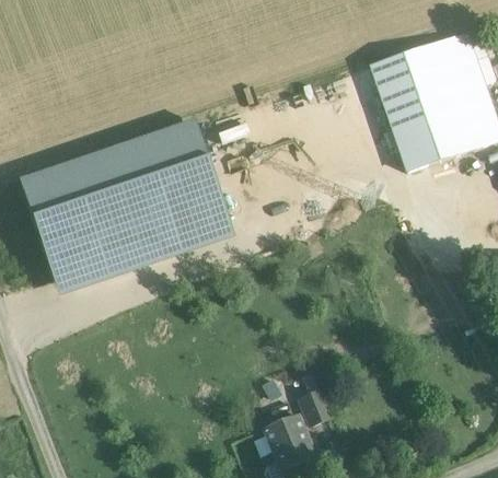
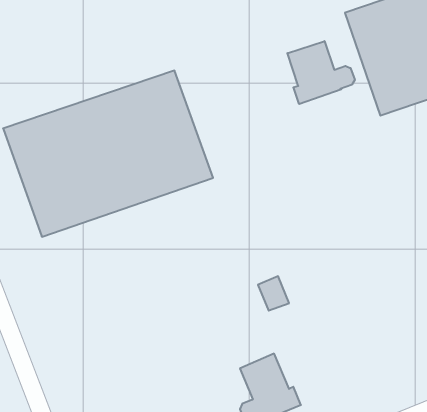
building: none -> [287,41,355,104]
building: [300,387,332,422] -> [258,276,289,311]

